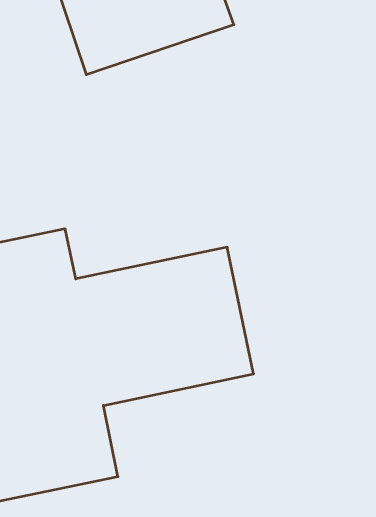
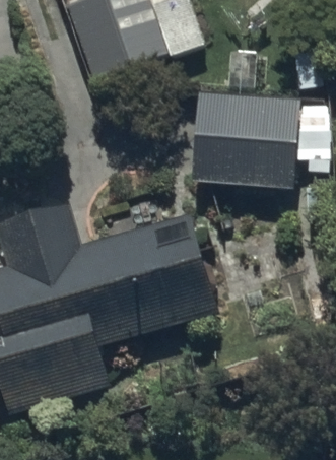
building: none -> [192,92,298,184]

